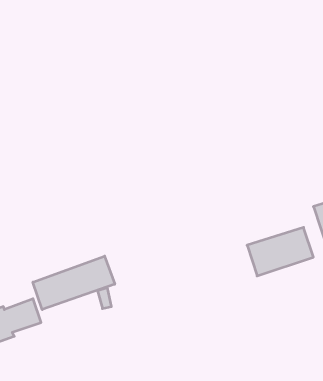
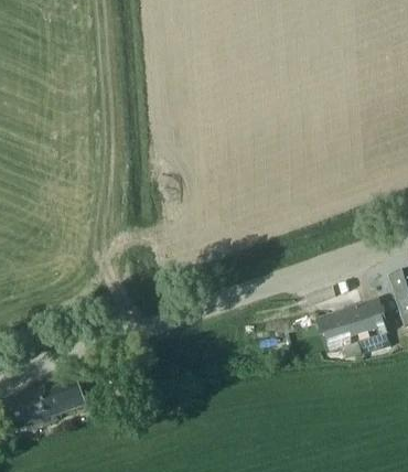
building: [33,256,115,310] -> none

